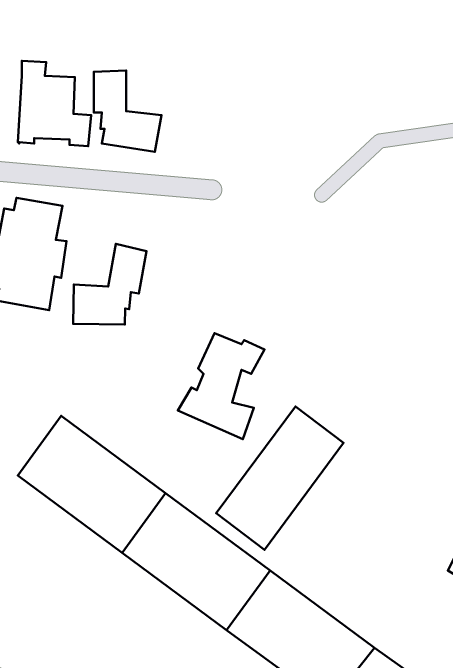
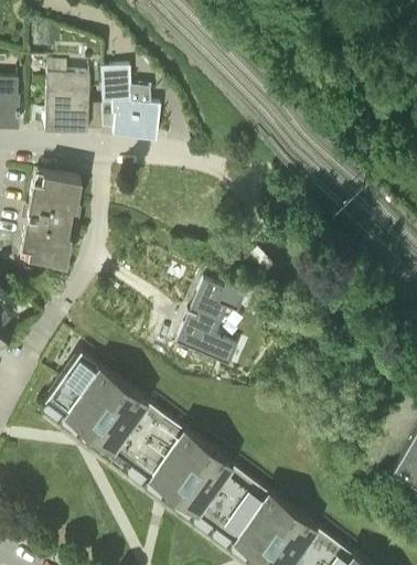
building: [73,244,147,325] -> none
building: [216,406,344,550] -> none

